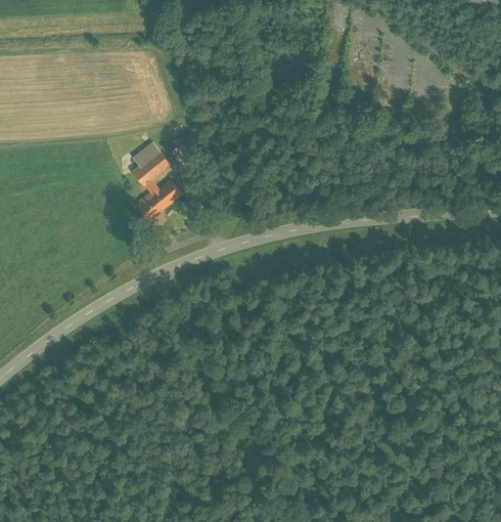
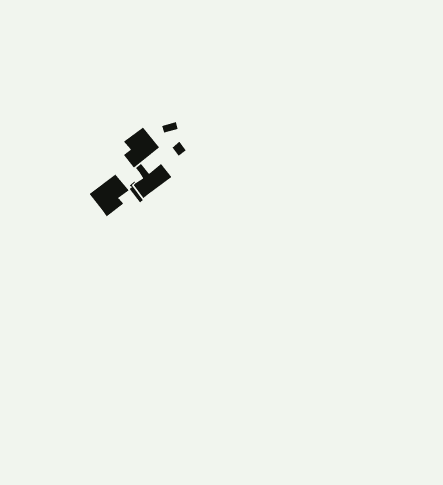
building: none -> [88,174,130,218]

